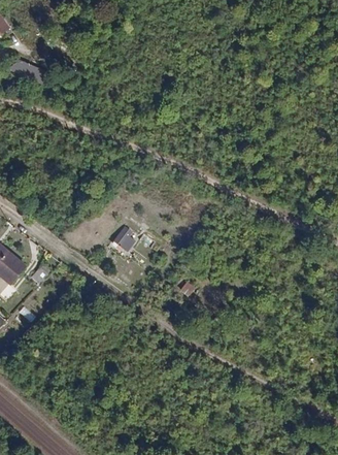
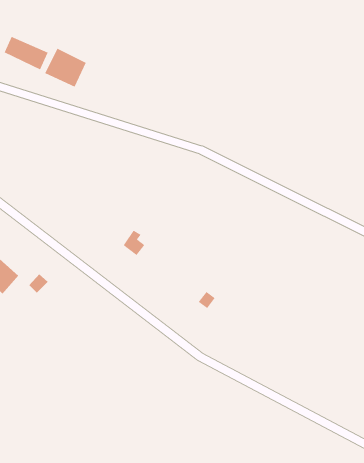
building: none -> [44,48,86,87]

